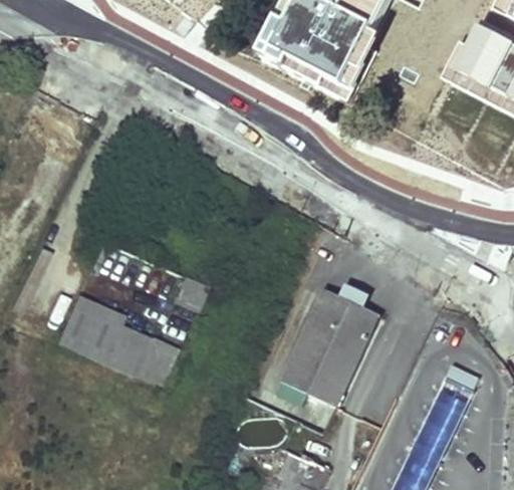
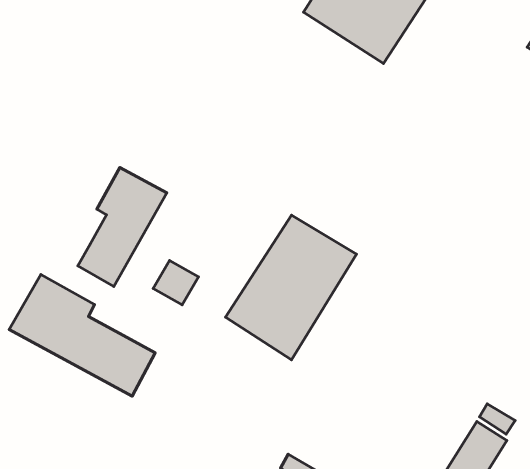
building: none -> [78,167,167,287]
building: [280,290,381,408] -> [225,215,357,360]

